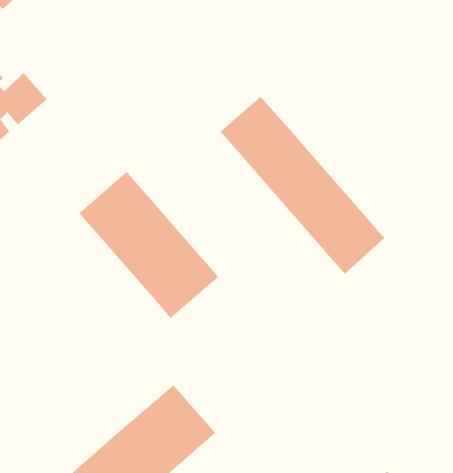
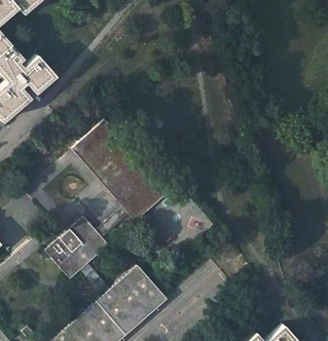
building: [220,96,385,275] -> none
building: none -> [46,218,108,278]

